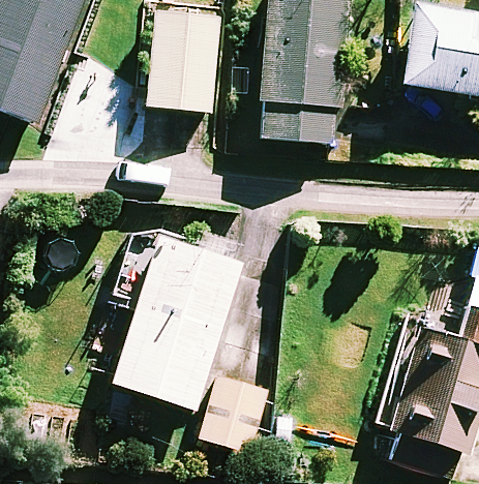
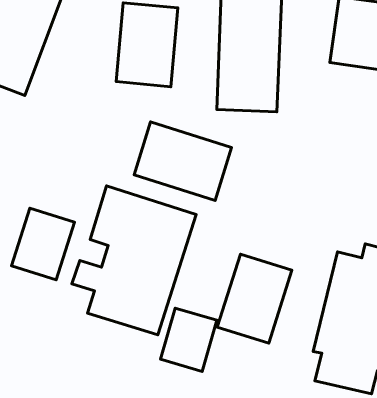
building: none -> [134,122,232,200]
building: none -> [12,208,75,280]
building: none -> [217,254,292,343]

